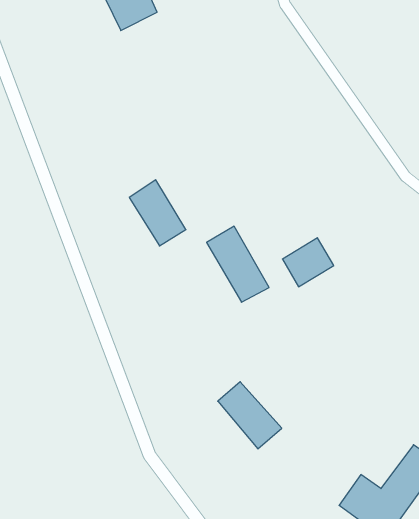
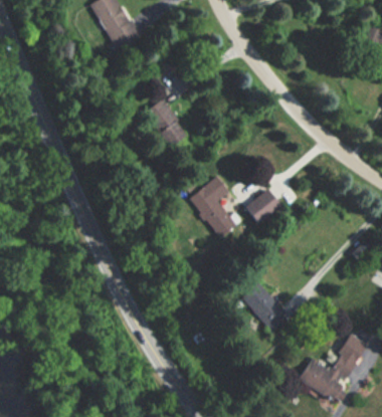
building: [129,180,186,246] -> [145,98,187,146]
building: [218,382,282,449] -> [242,282,290,330]

